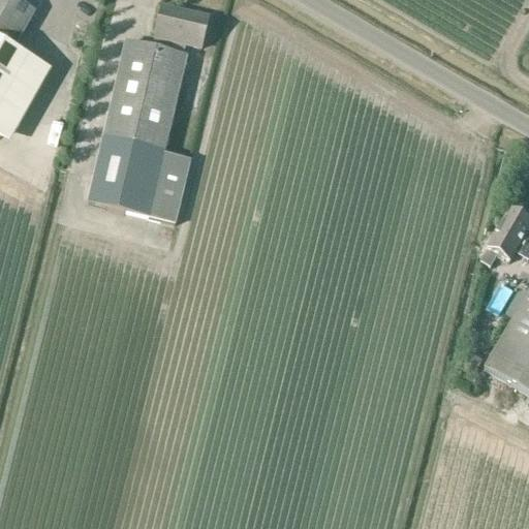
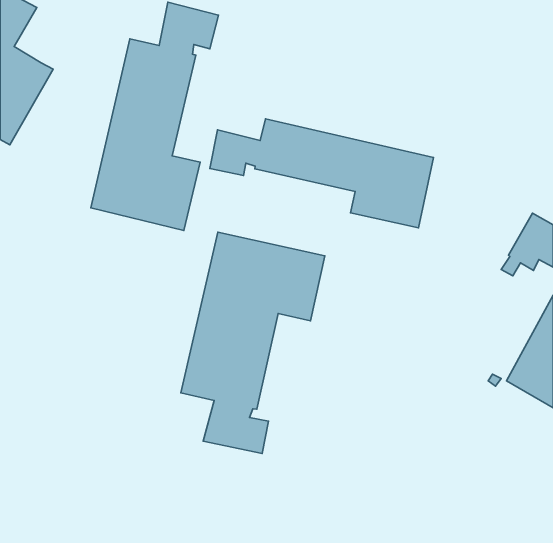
building: none -> [210,119,433,228]
building: none -> [181,232,325,454]

